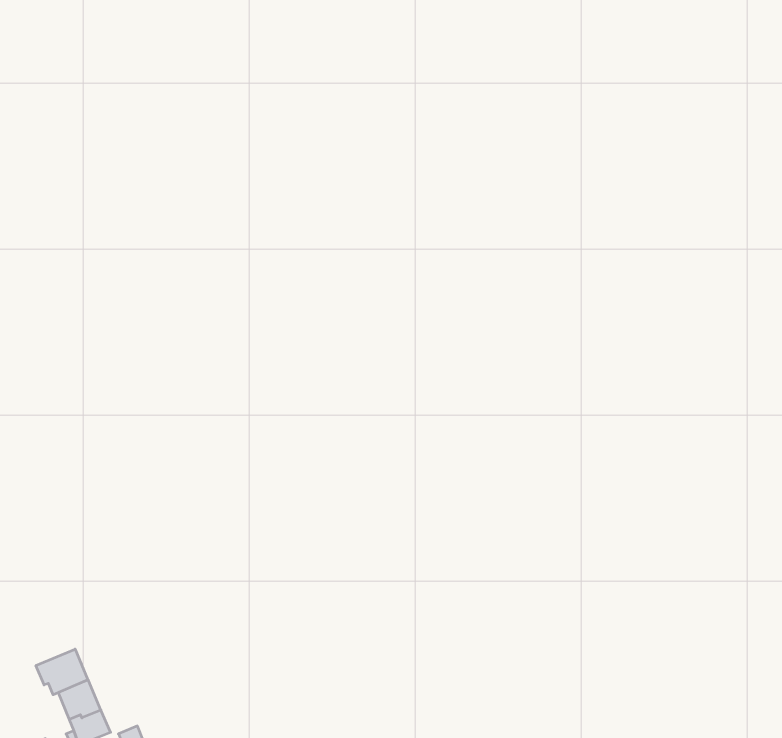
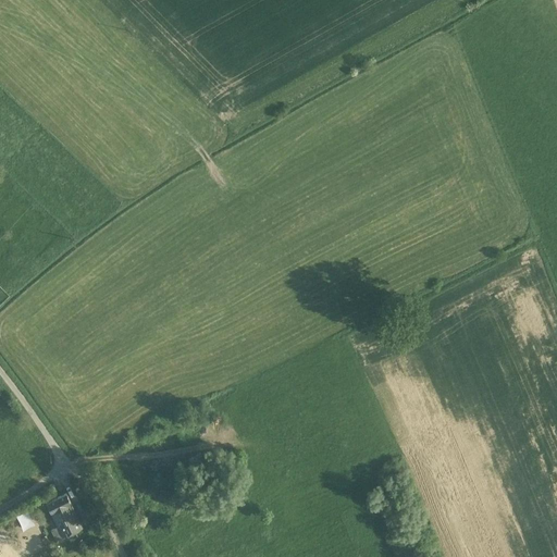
building: [36,649,88,695] -> none

